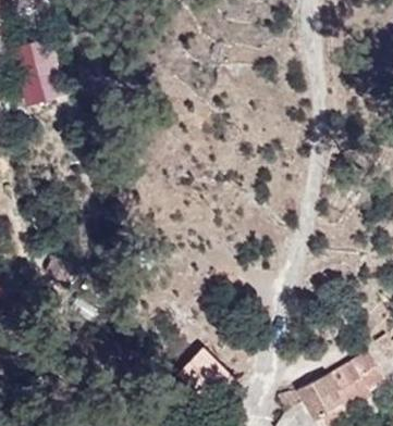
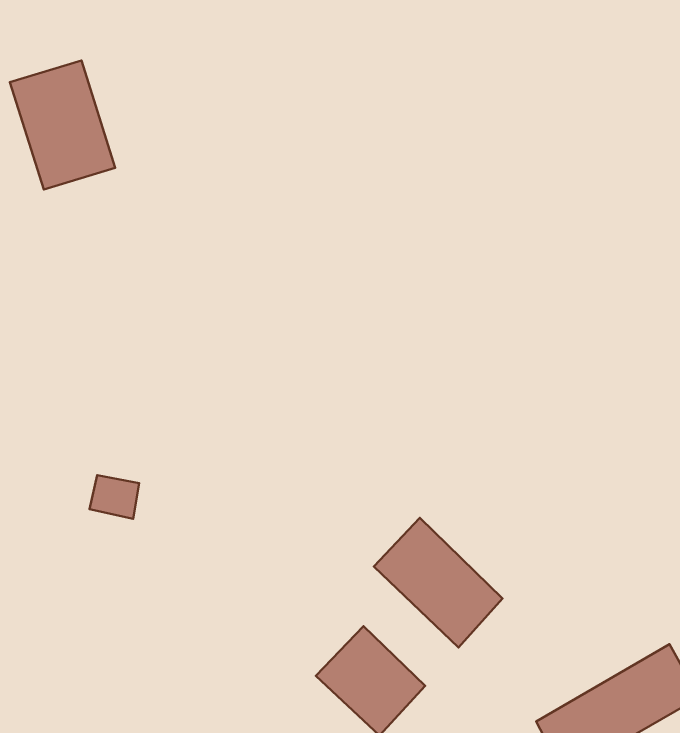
building: none -> [374,518,503,647]

